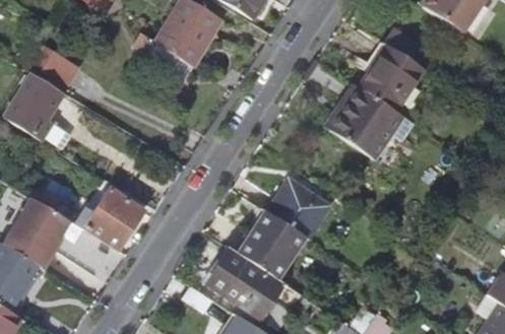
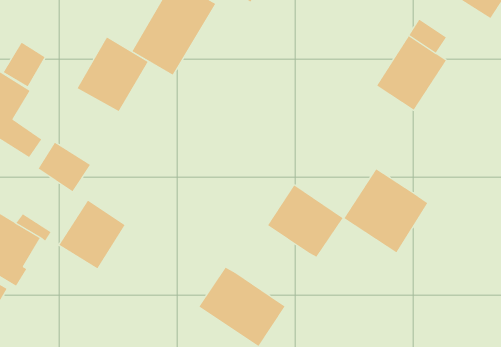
building: none -> [77,36,148,112]
building: [334,88,408,162] -> [344,168,428,253]
building: none -> [38,142,91,192]
building: [239,209,303,277] -> none

